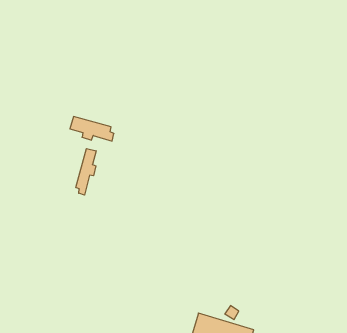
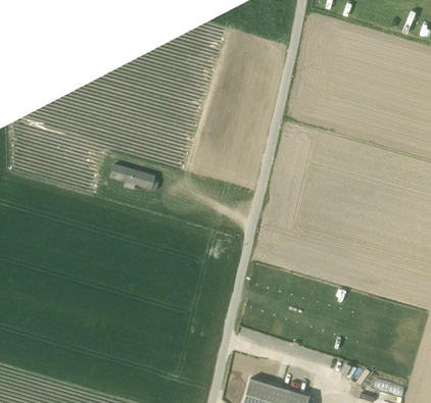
building: [76,149,96,195] -> none

